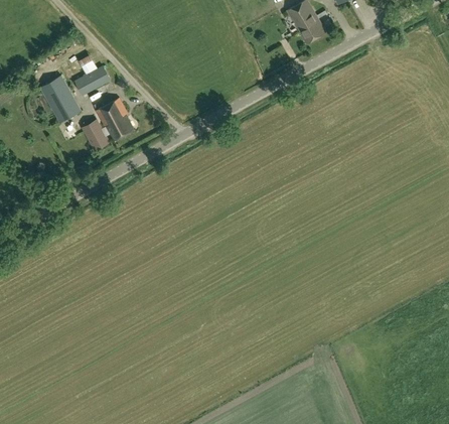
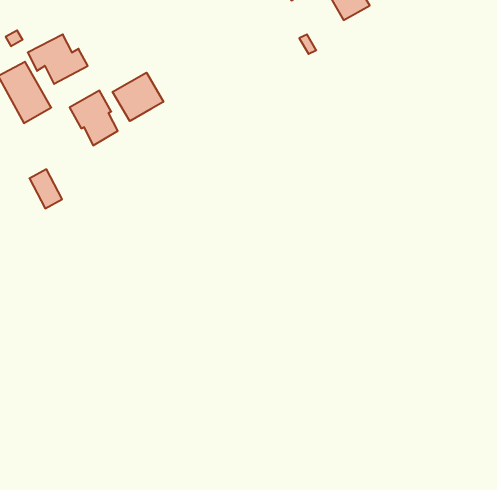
building: none -> [113,73,163,121]
building: [84,120,109,150] -> [29,169,62,208]

